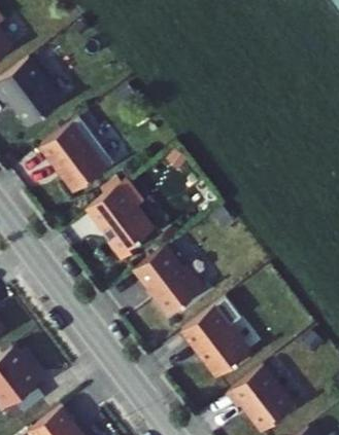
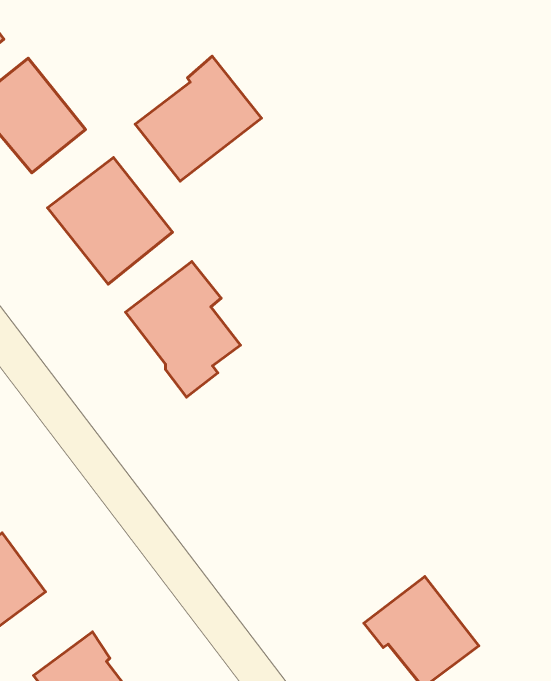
building: none -> [135,56,262,181]
building: [133,248,204,318] -> none
building: [181,300,249,379] -> none

